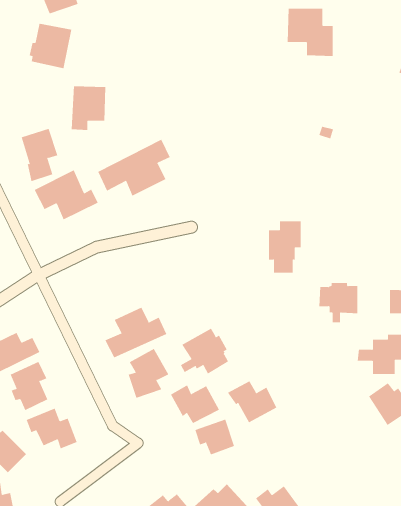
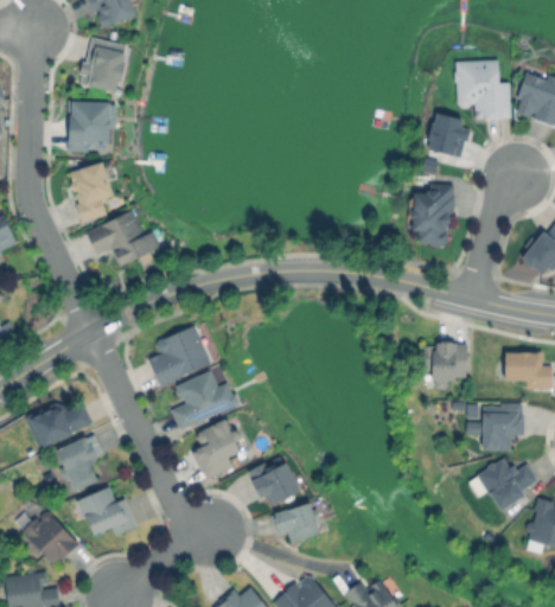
building: [287,8,333,57] -> [454,63,509,120]
building: [71,86,106,130] -> [69,101,110,153]
building: none -> [427,113,467,158]
building: [98,139,170,196] -> none
building: [268,221,302,273] -> [413,184,452,245]
building: none -> [151,325,212,386]
building: [180,328,229,375] -> none
building: [227,380,277,423] -> none

